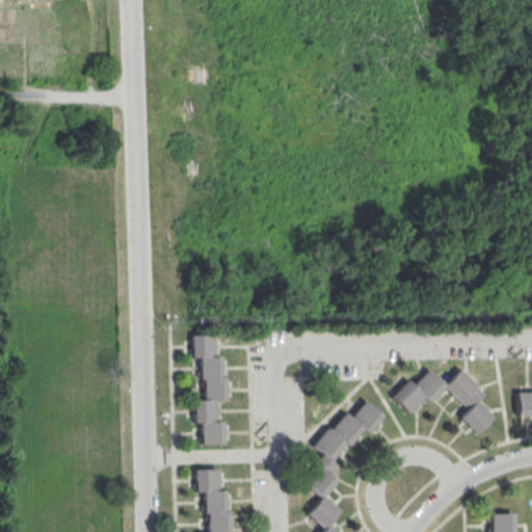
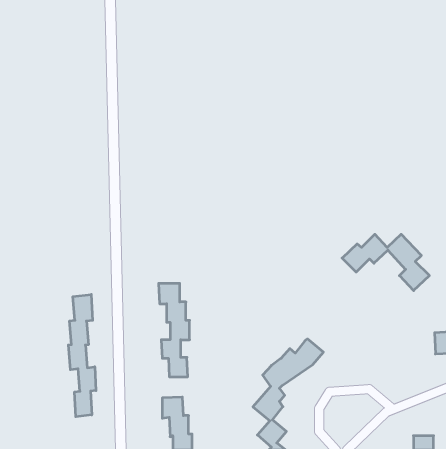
building: none -> [68,294,96,417]
building: [393,369,496,435] -> [342,234,429,291]

